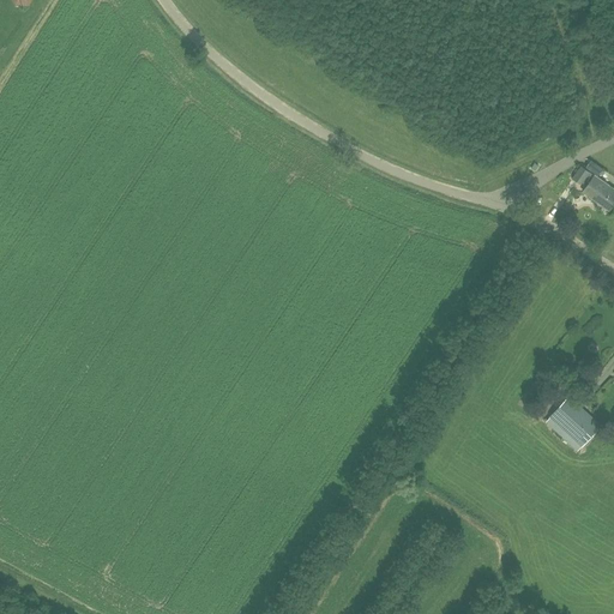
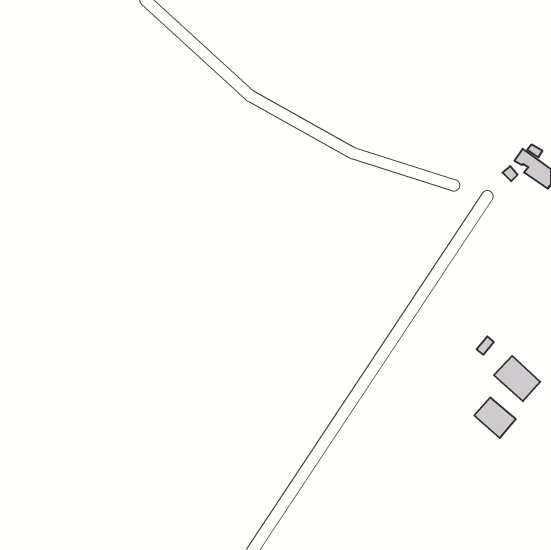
building: none -> [474,397,516,438]

